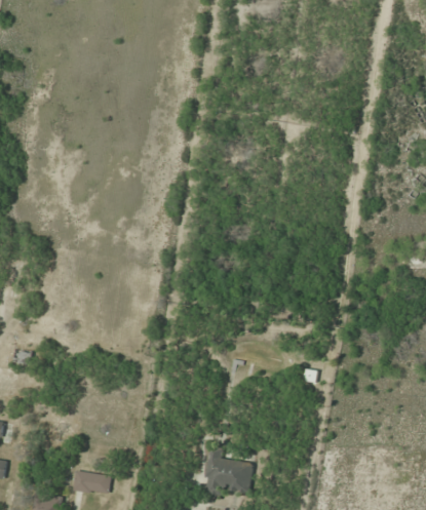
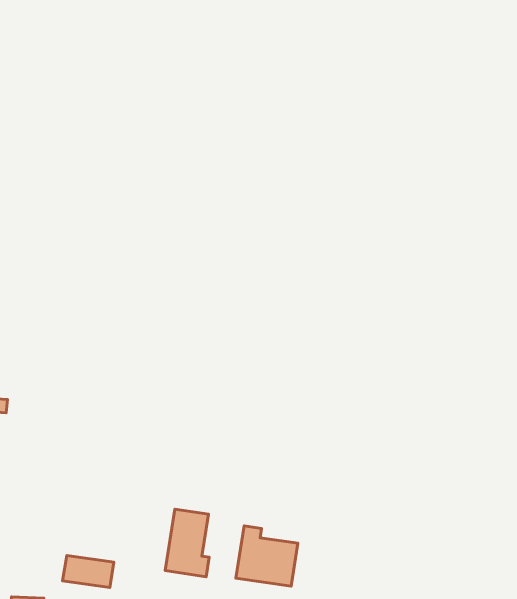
building: none -> [165,509,209,577]

